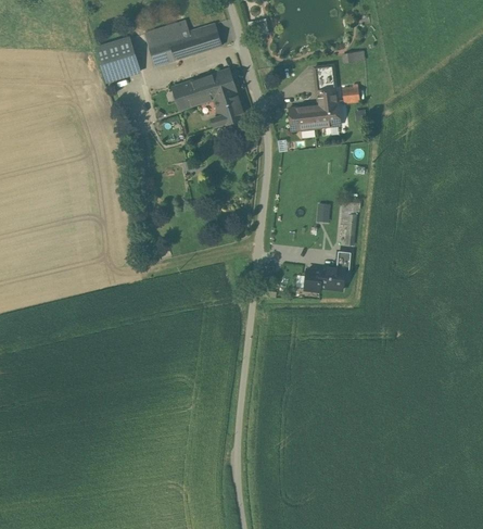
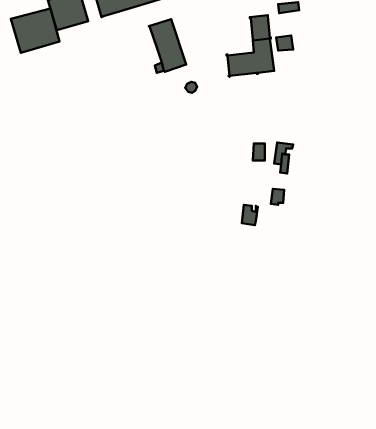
building: none -> [11,8,60,53]
building: [173,77,214,110] -> none
building: [320,266,344,289] -> none

